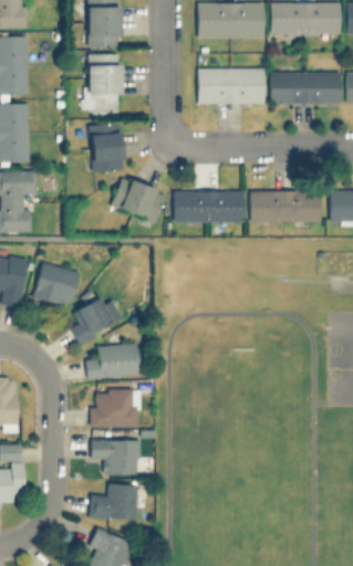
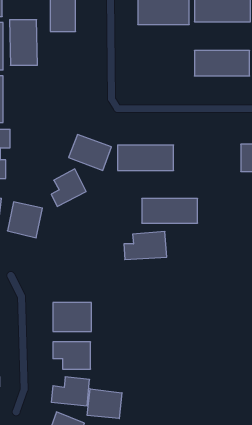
building: [86,55,122,113] -> [10,20,37,65]
building: [198,69,264,105] -> none
building: [91,125,123,171] -> none
building: [250,191,321,222] -> [142,199,198,223]
building: [71,296,115,344] -> [51,169,86,206]
building: [86,344,141,379] -> [124,232,167,260]
building: none -> [87,389,122,419]

